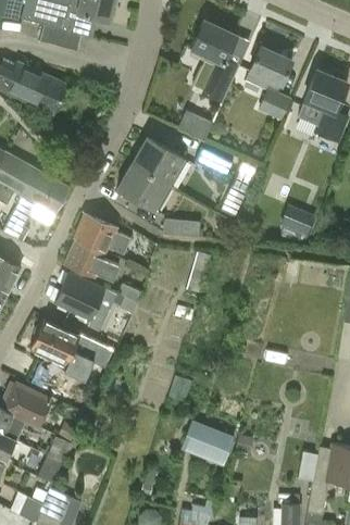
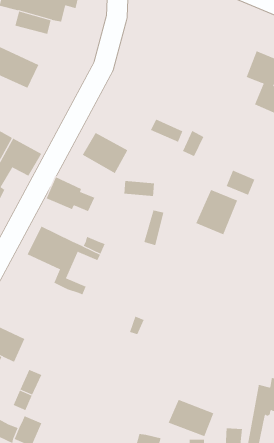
building: [192,21,240,103] -> none
building: [246,46,292,121] -> none
building: [178,110,213,139] -> none
building: [132,136,185,184] -> none
building: none -> [195,189,238,235]
building: [64,239,118,279] -> none
building: [30,320,112,385] -> none
building: [180,421,234,464] -> [168,399,214,437]

